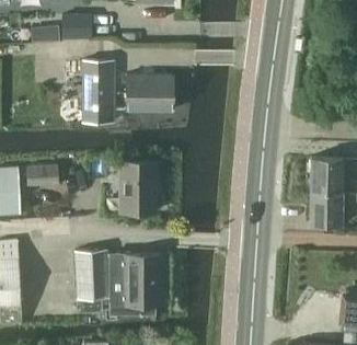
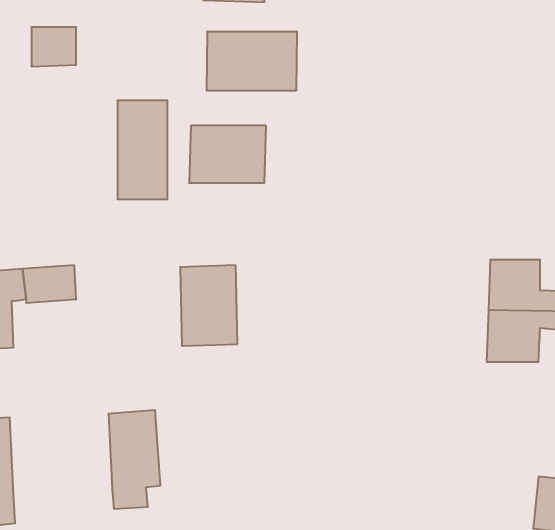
building: [60,13,91,38] -> none
building: none -> [207,31,297,91]
building: [108,254,161,314] -> none

